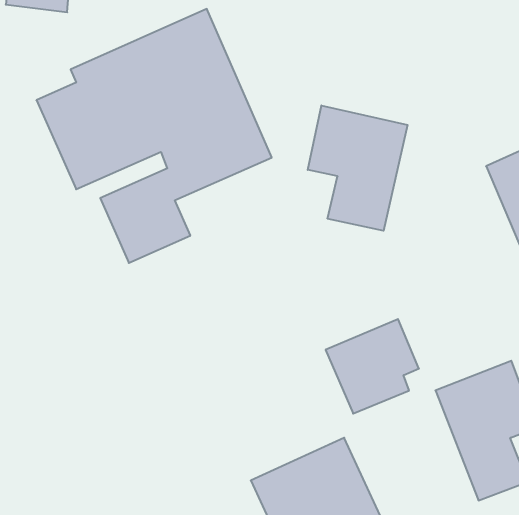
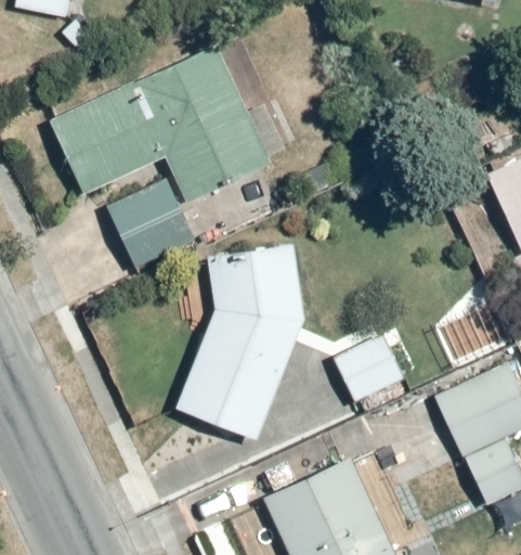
building: [308,105,408,231] -> none
building: none -> [172,238,303,441]

